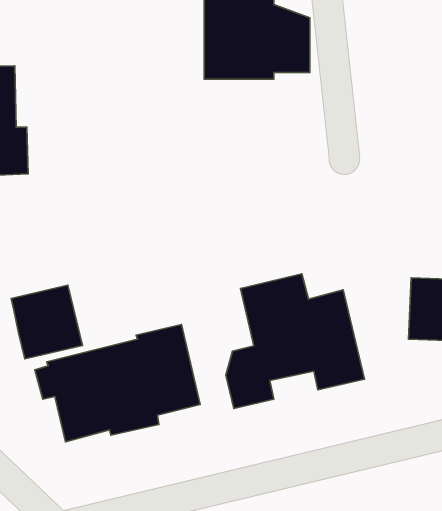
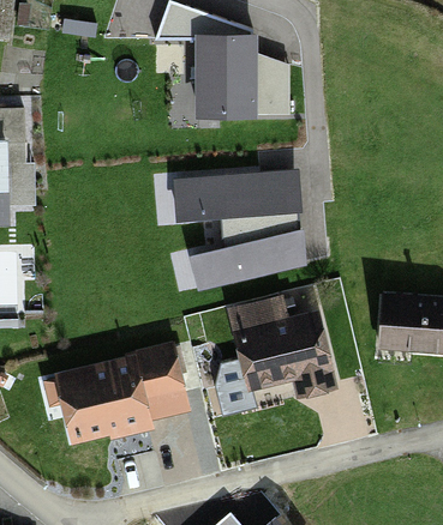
building: none -> [173,169,306,290]
building: [11,285,83,359] -> none

